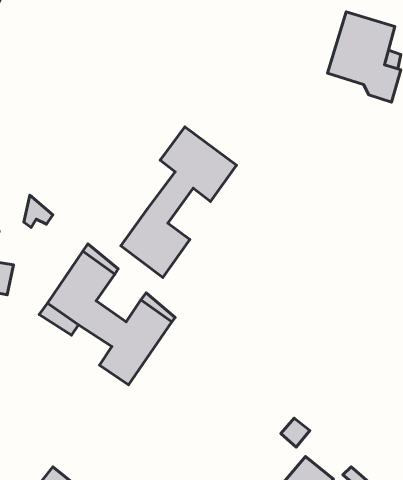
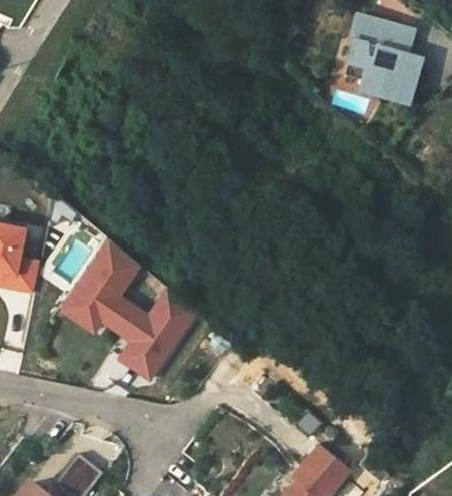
building: [121,127,236,277] -> none

